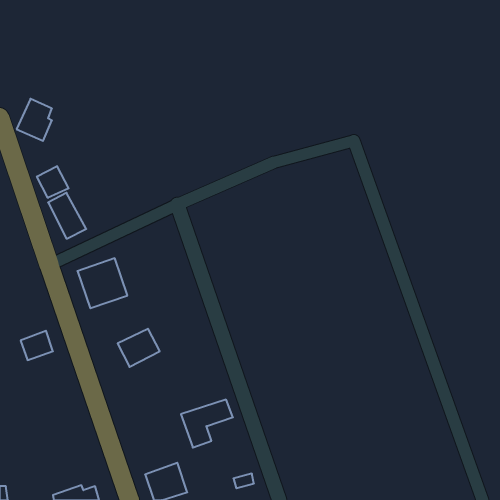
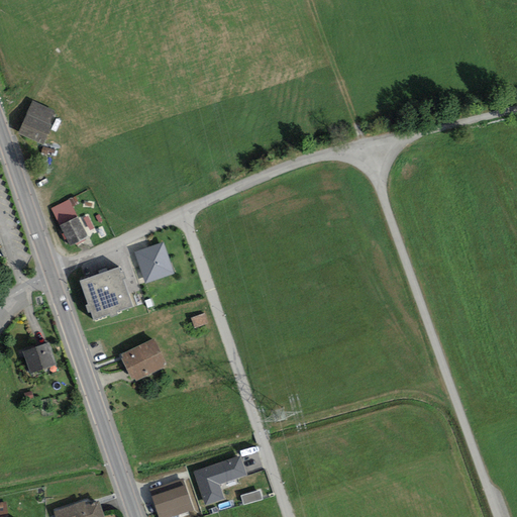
building: [37,166,69,198] -> none
building: none -> [134,242,173,283]
building: [181,400,233,448] -> [193,456,246,506]

